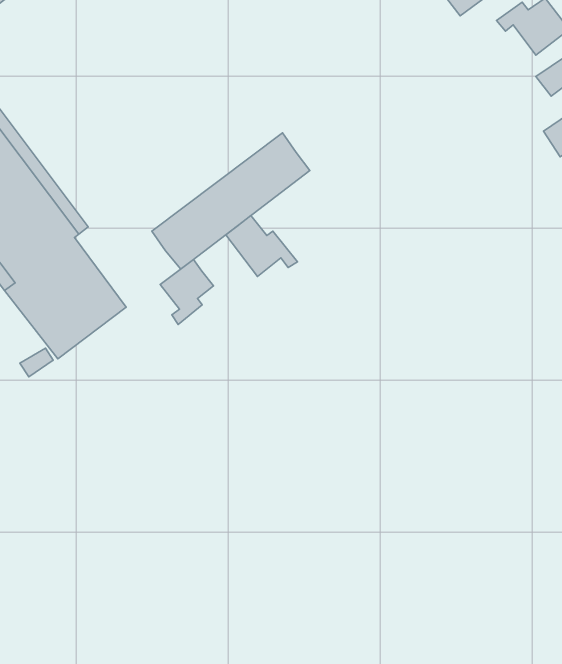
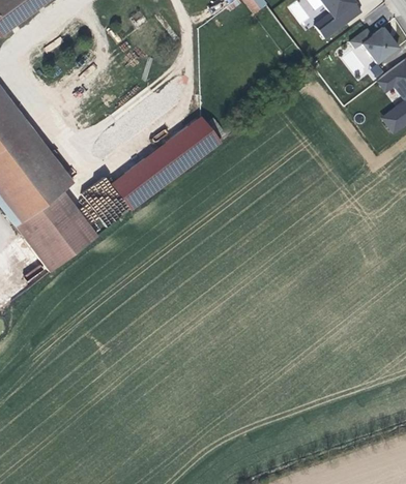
building: [226,216,297,276] -> none
building: [160,260,214,325] -> none

